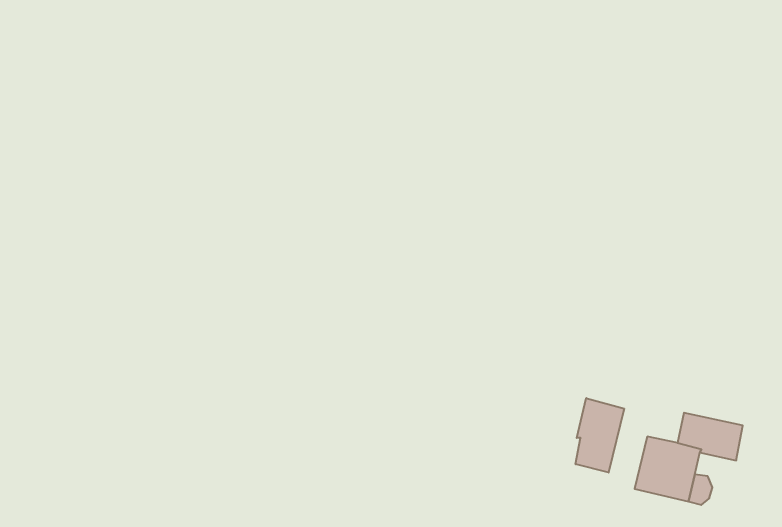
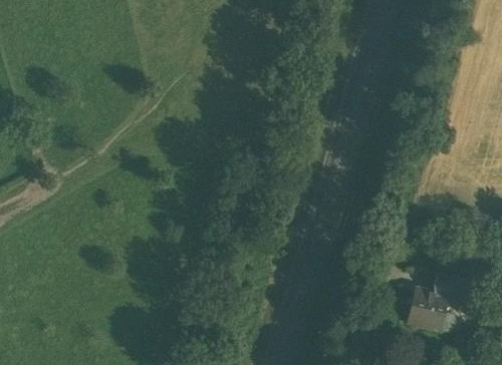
building: [576,398,624,473] -> none

